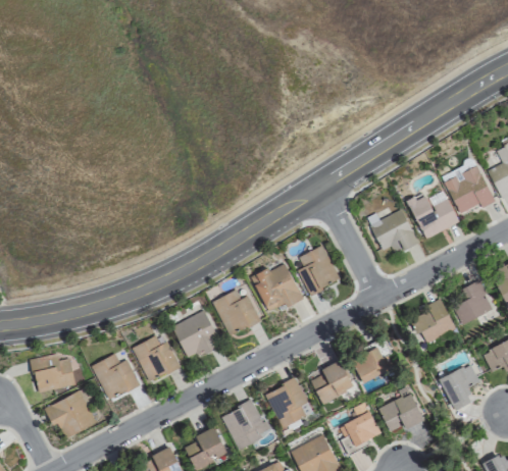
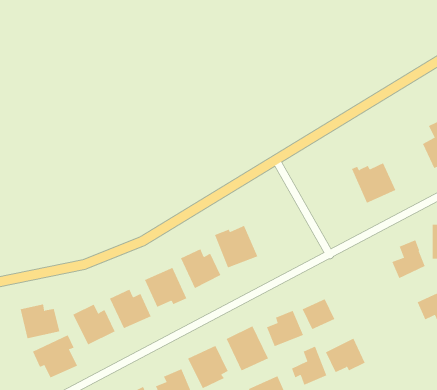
building: [444,163,495,214] -> none
building: [367,209,419,254] -> none
building: [298,245,340,295] -> none
building: [415,298,455,343] -> none
building: [440,363,479,410] -> none

